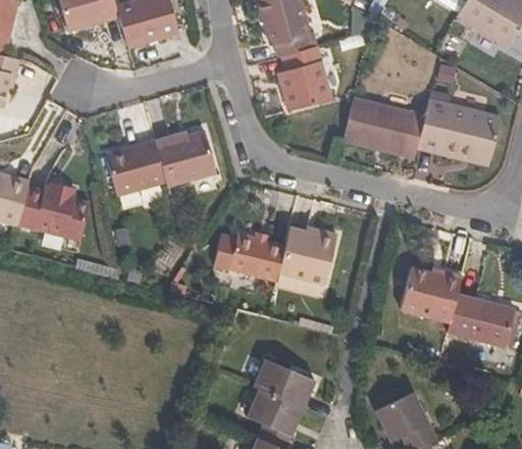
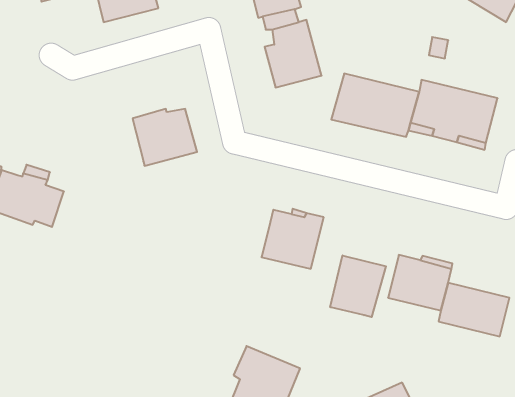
building: [105,140,164,194] -> none
building: [227,233,283,279] -> none
building: none -> [330,255,386,317]

